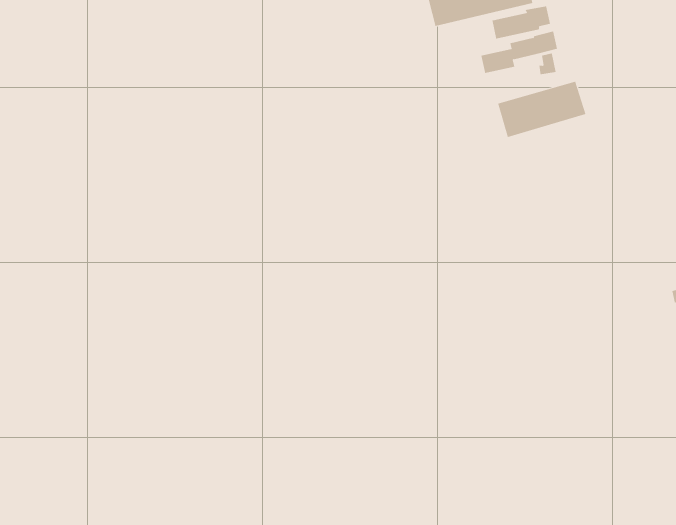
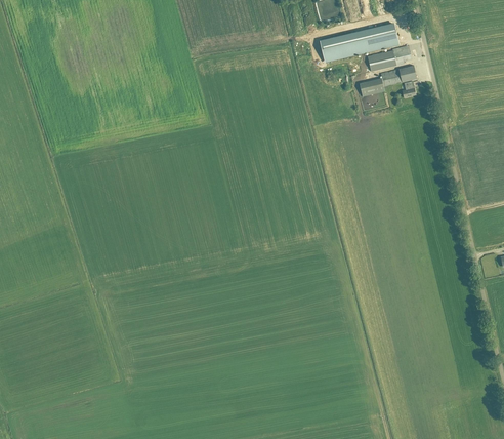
building: [497,81,586,138] -> none

